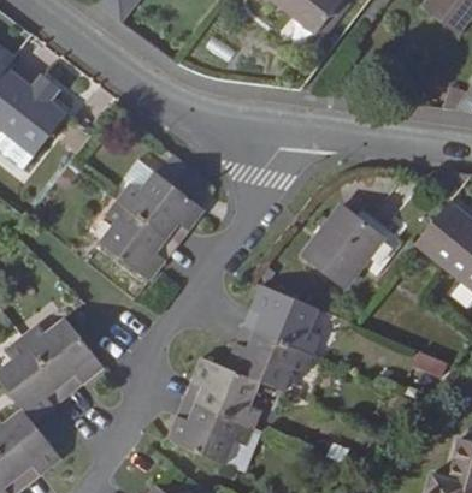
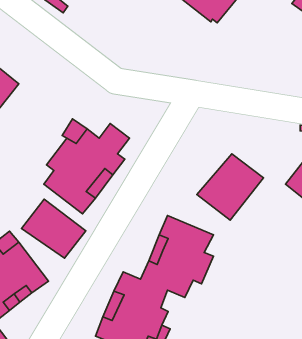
building: none -> [22,199,86,258]

